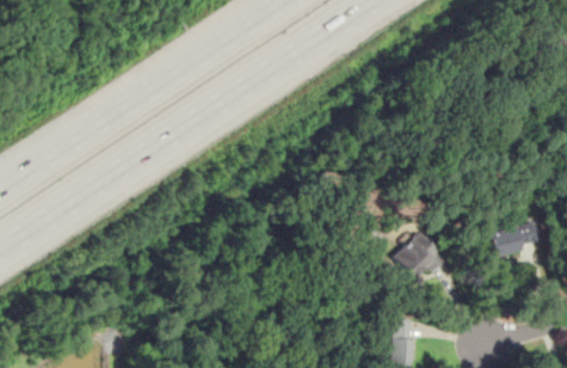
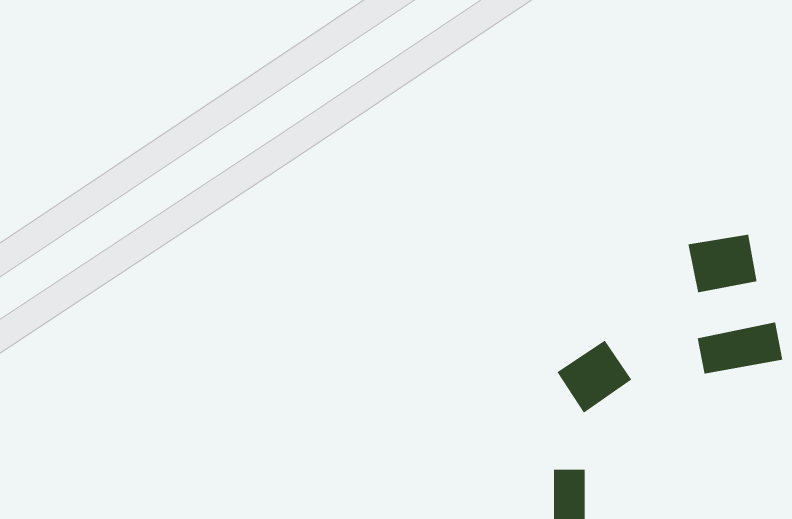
building: none -> [688,234,757,293]

